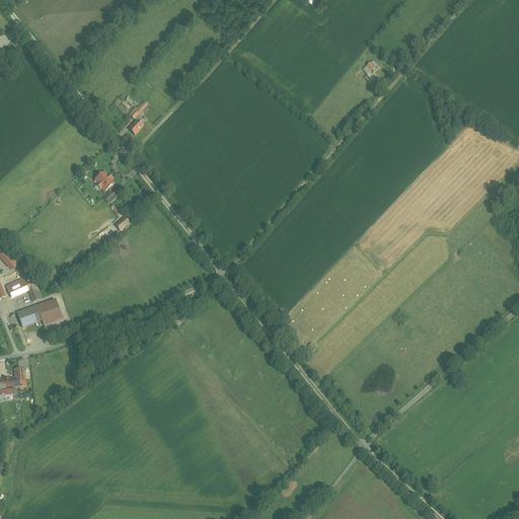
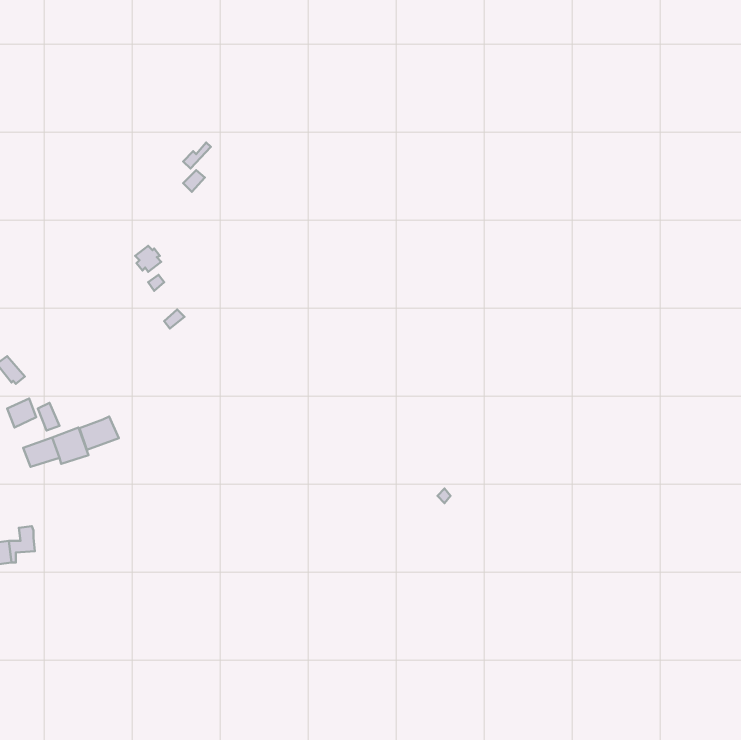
building: none -> [79,416,119,450]

